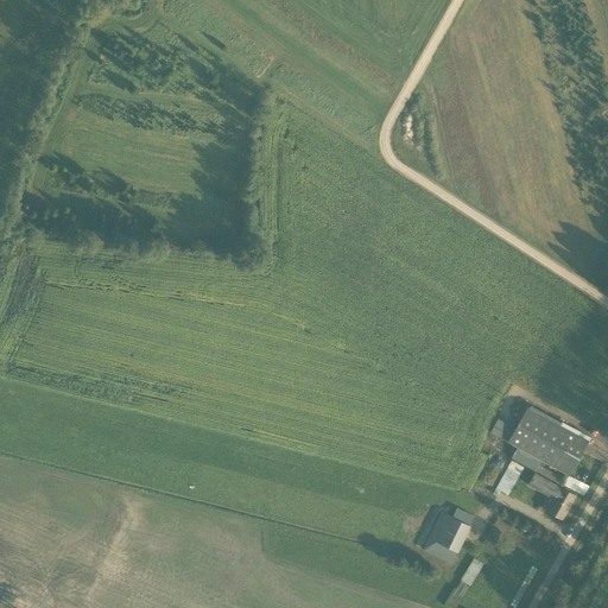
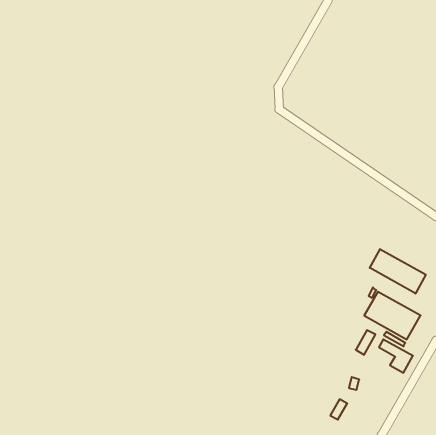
building: none -> [370,249,426,294]
building: [423,506,474,563] -> none

